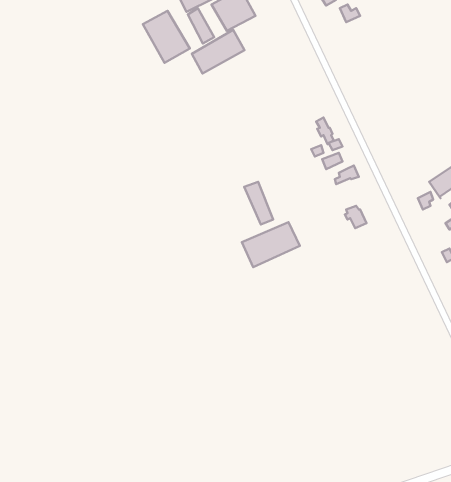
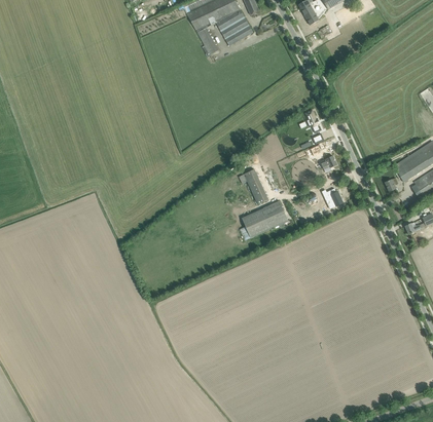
building: [143,11,190,63] -> none
building: [192,30,245,73] -> none

